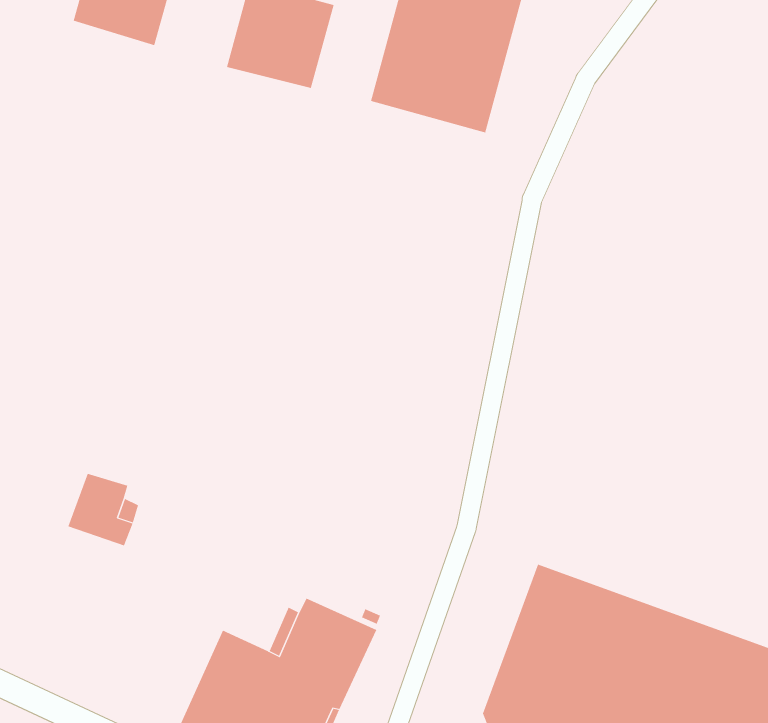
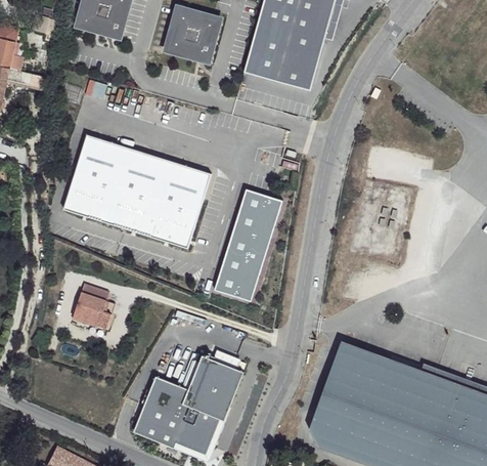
building: none -> [62,133,211,246]
building: none -> [215,187,280,298]

